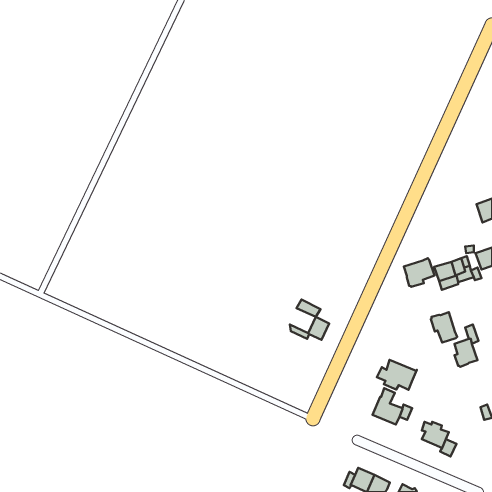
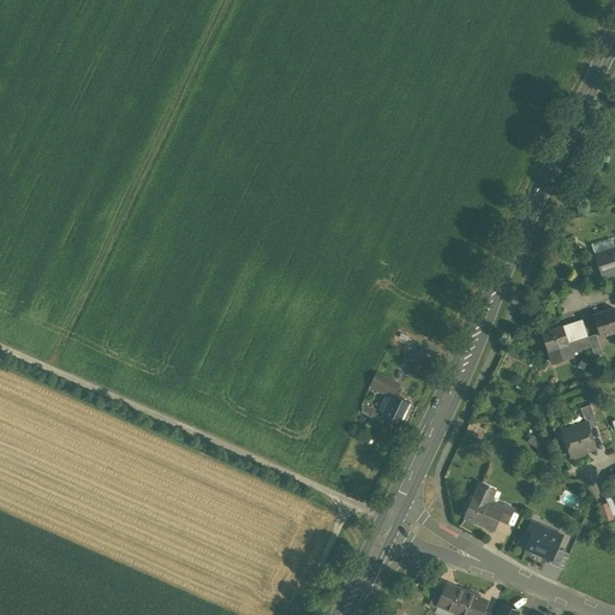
building: [404,258,434,287] -> none
building: [431,312,457,343] -> none
building: [377,360,417,390] -> none

